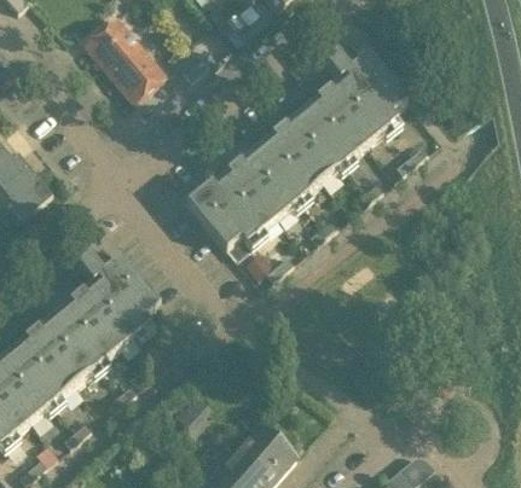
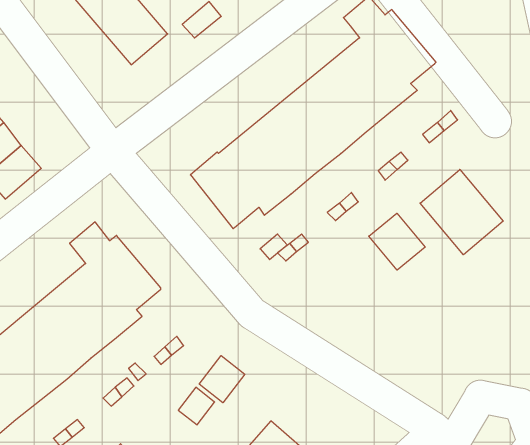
building: none -> [420,169,503,255]
building: none -> [369,213,425,270]
building: none -> [199,356,245,403]

